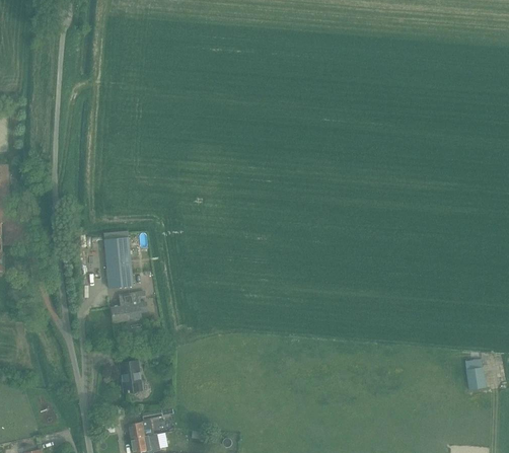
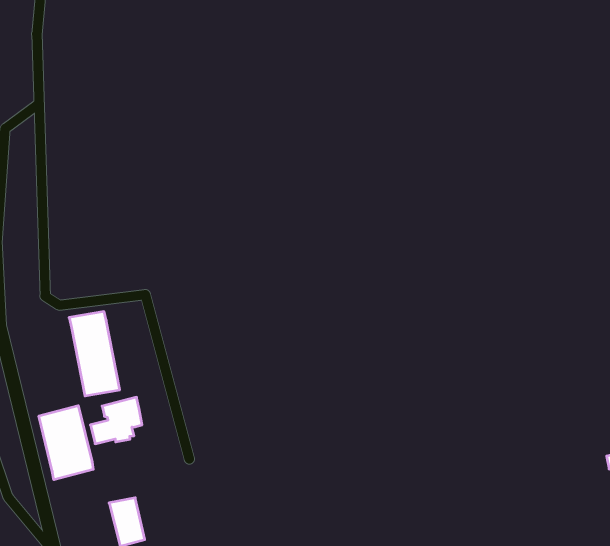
building: none -> [39,406,93,480]

